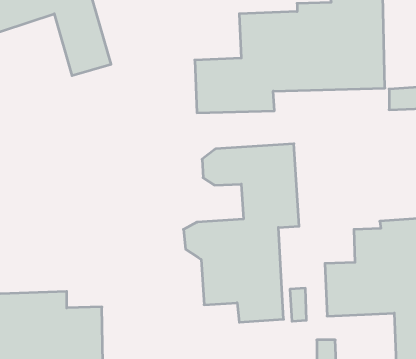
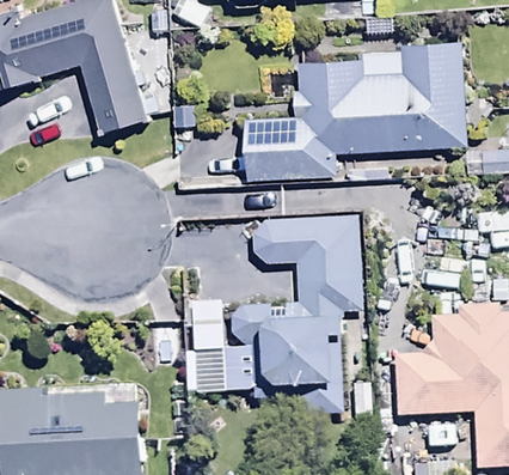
building: none -> [192,304,249,392]

